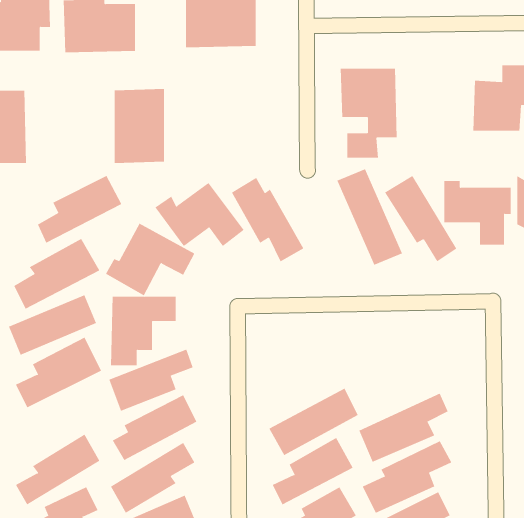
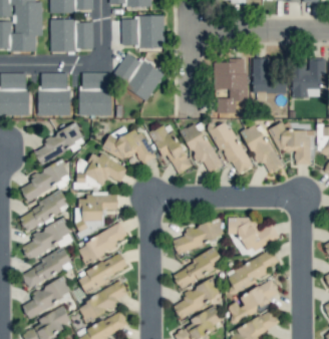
building: none -> [113,53,164,101]
building: none -> [253,58,287,93]
building: none -> [38,73,70,116]
building: none -> [181,122,221,172]
building: none -> [232,218,277,249]
building: none -> [174,219,225,252]
building: none -> [21,249,71,289]

